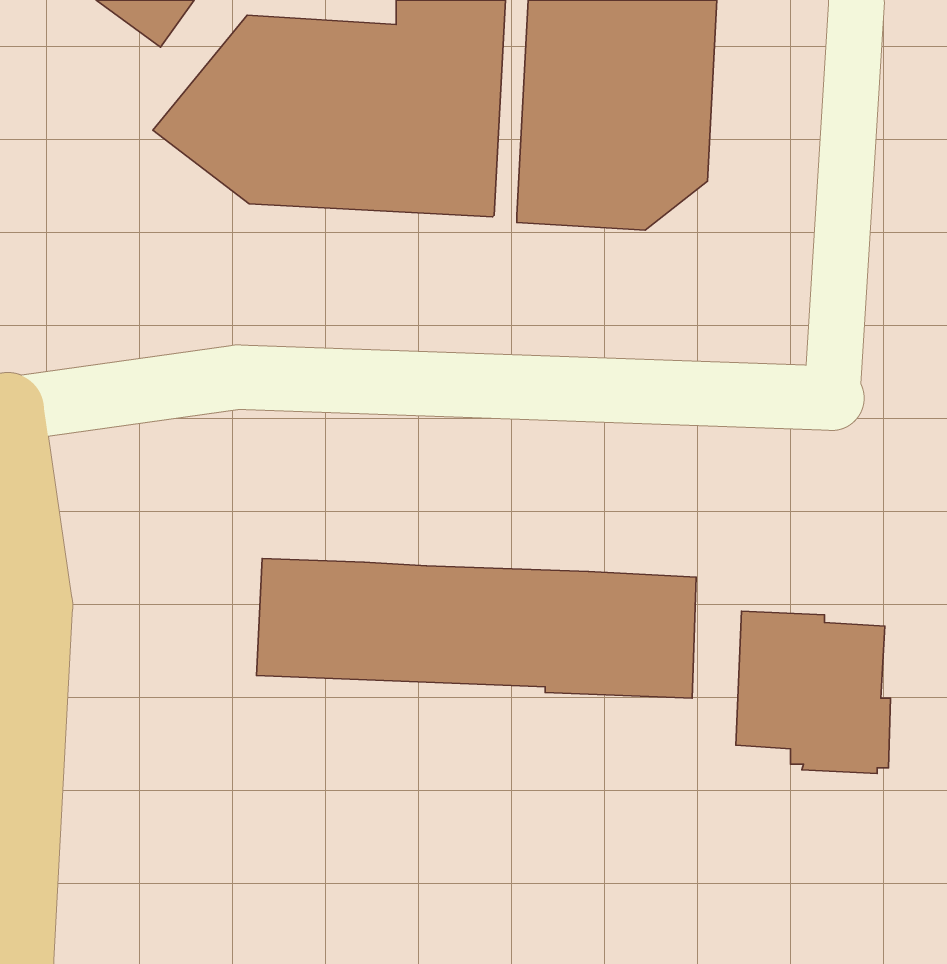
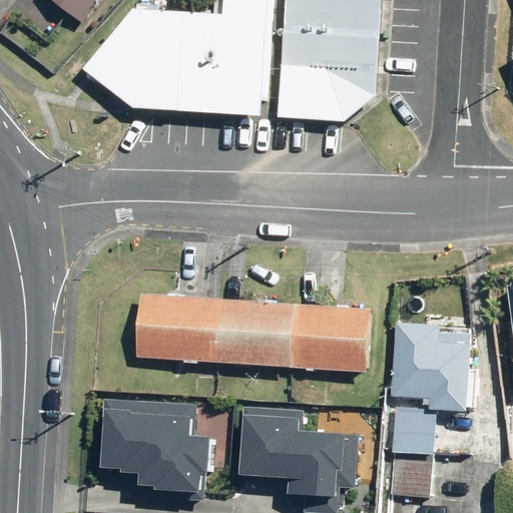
building: none -> [106,405,221,492]
building: none -> [385,409,433,497]
building: none -> [240,411,356,494]

